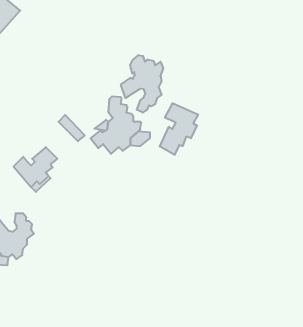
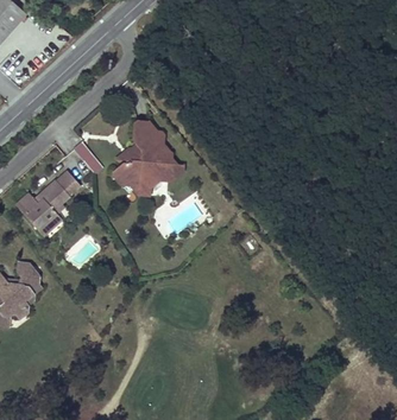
building: [121,55,163,113] -> none
building: [160,103,198,155] -> none

